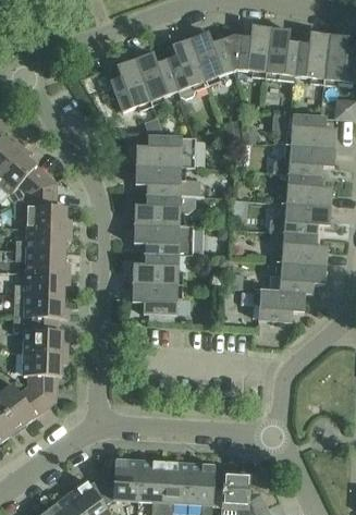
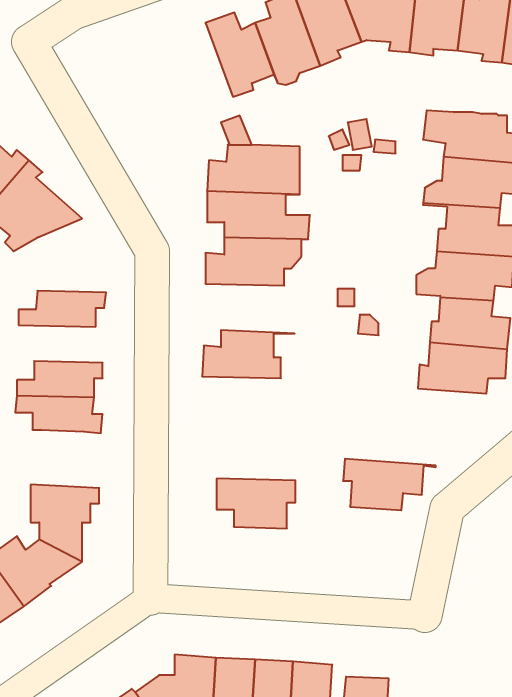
building: [110,59,151,111] -> none
building: [27,183,71,230] -> none
building: [133,224,192,256] -> none
building: [15,250,70,274] -> none
building: [132,283,182,315] -> [217,479,295,528]
building: [254,290,312,322] -> [343,459,436,510]
building: [12,317,67,354] -> none

